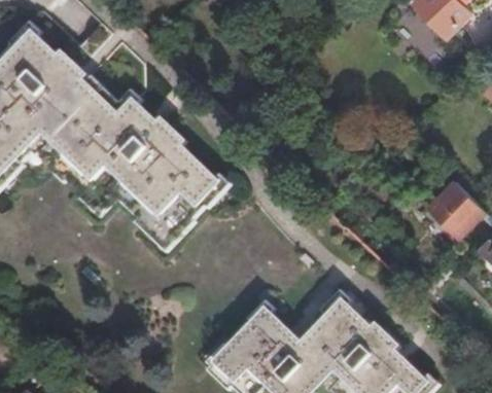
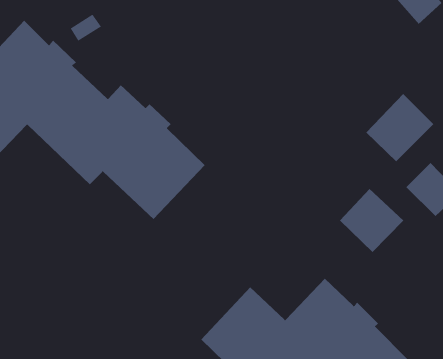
building: none -> [365,93,434,162]
building: none -> [339,188,404,253]

